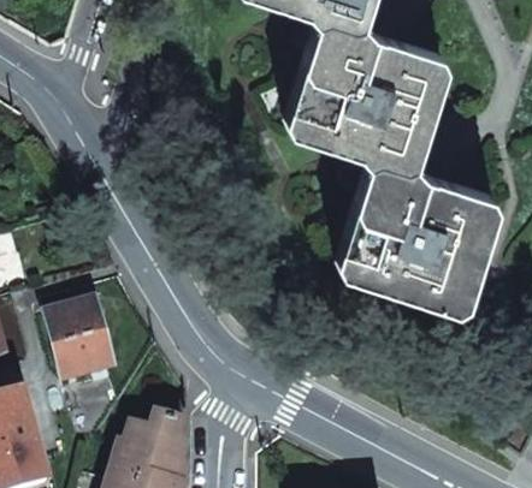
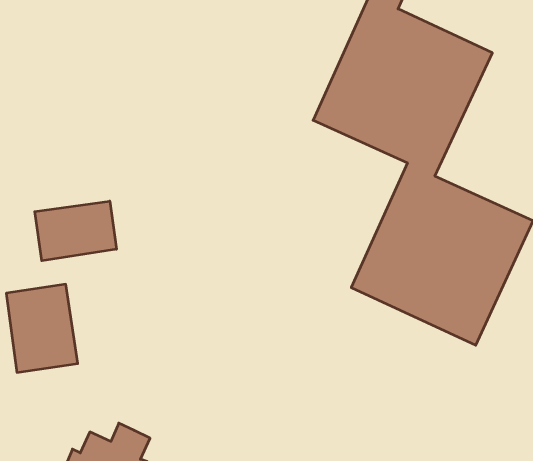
building: none -> [35,201,116,261]

